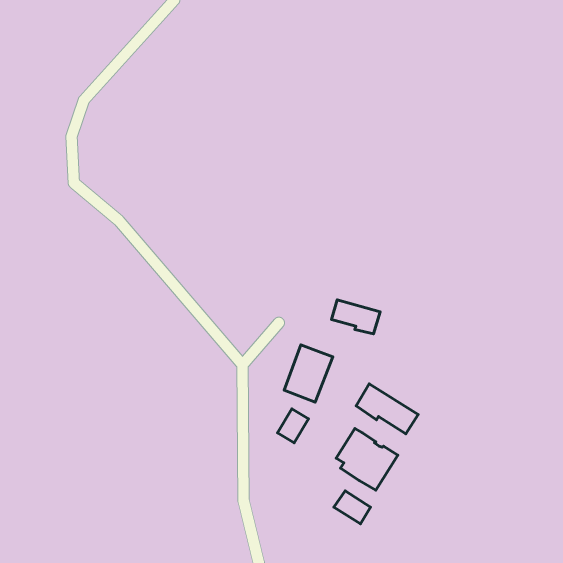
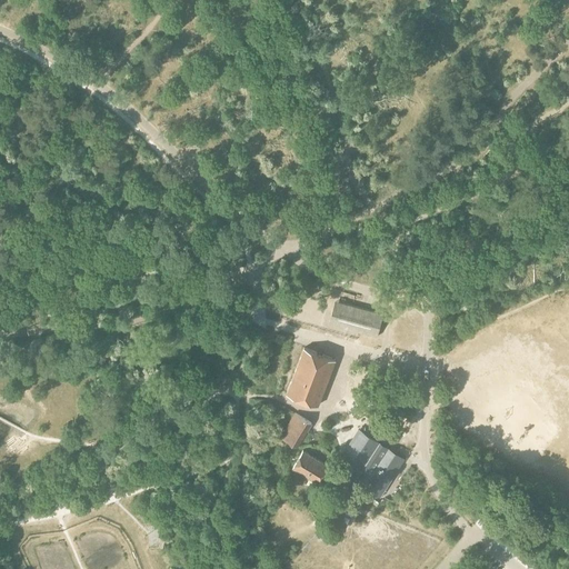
building: [356,384,418,434] -> none
building: [334,491,370,524] -> [292,450,329,483]

